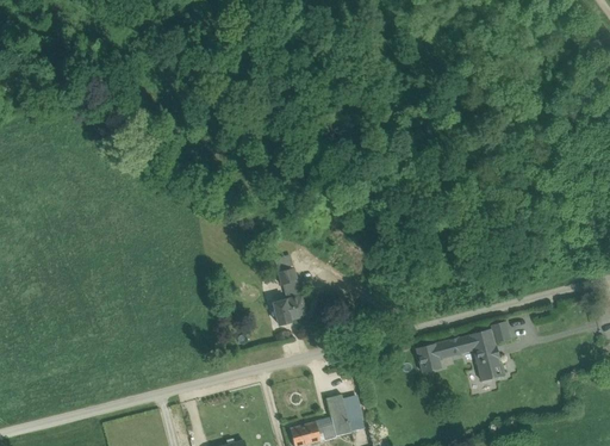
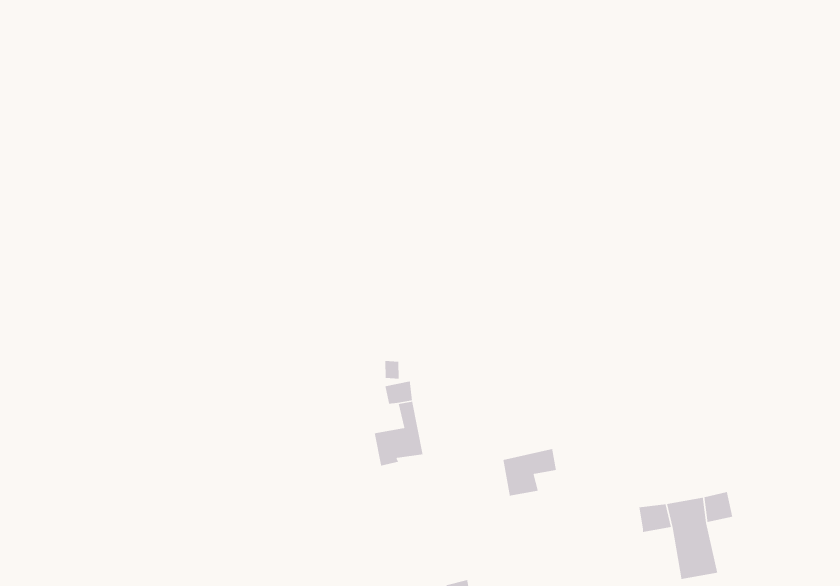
building: [416,339,452,372] -> [503,448,557,497]

